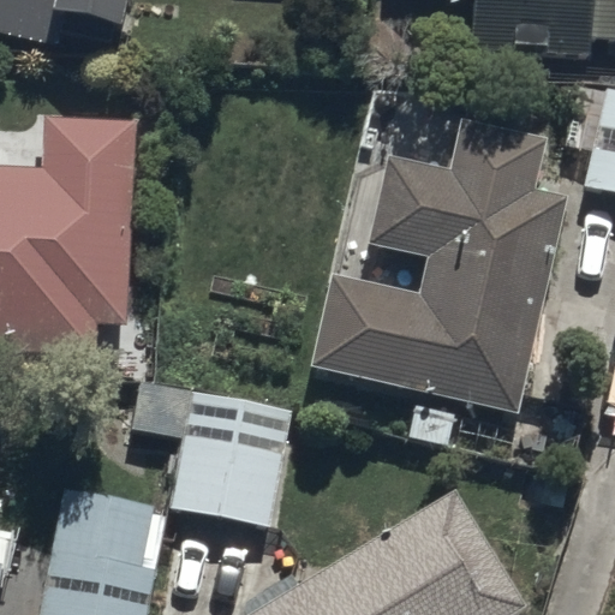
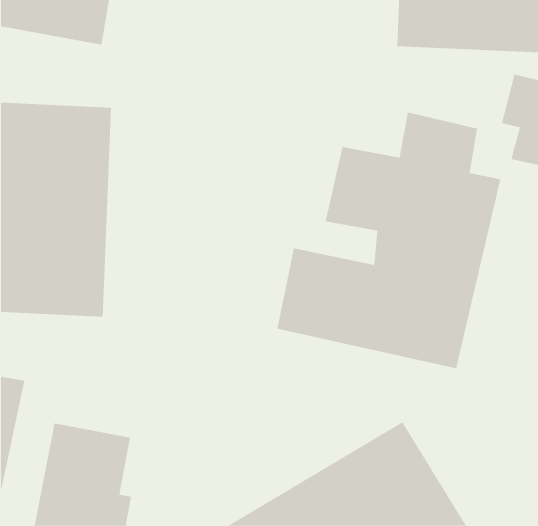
building: [89,371,286,521] -> none

